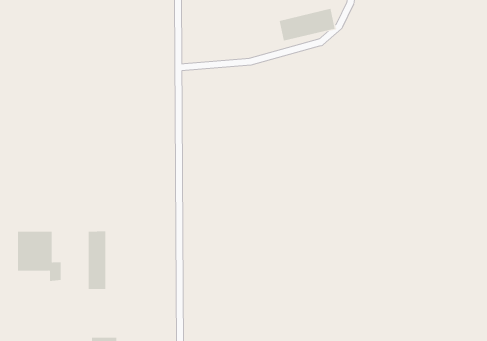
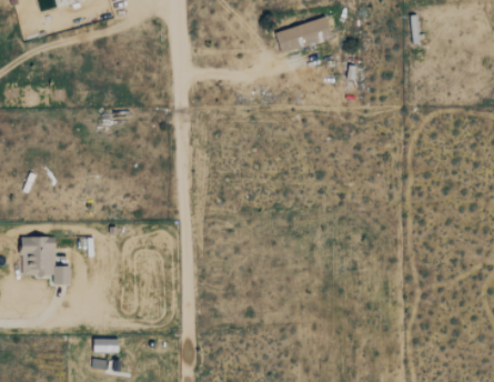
building: [88,231,106,290] -> none

